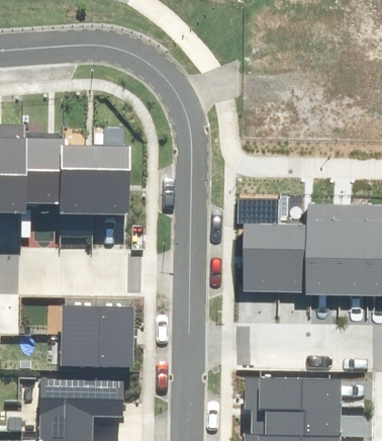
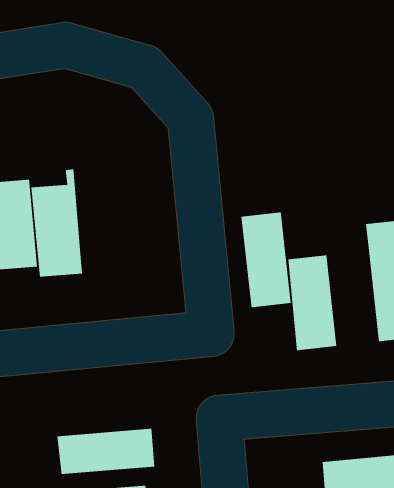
building: [92,136,127,215] -> none
building: [278,222,309,291] -> [241,212,292,308]
building: [59,306,132,338] -> none

